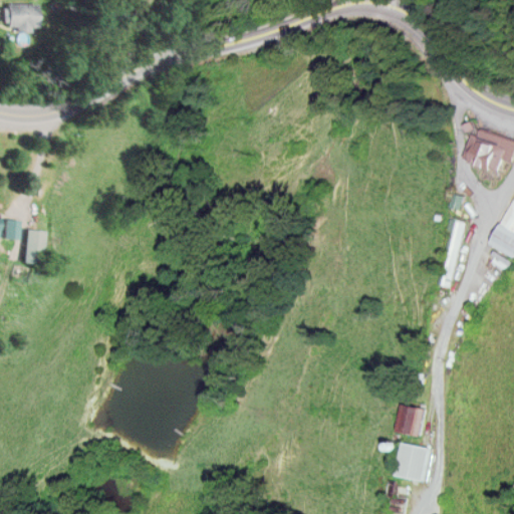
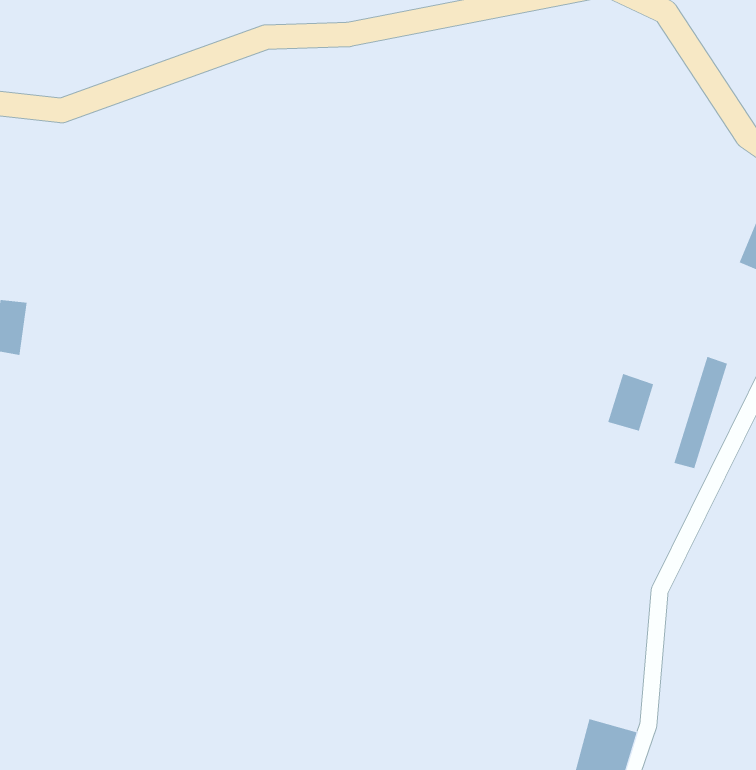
building: none -> [607,373,654,431]
building: [398,405,428,437] -> none

